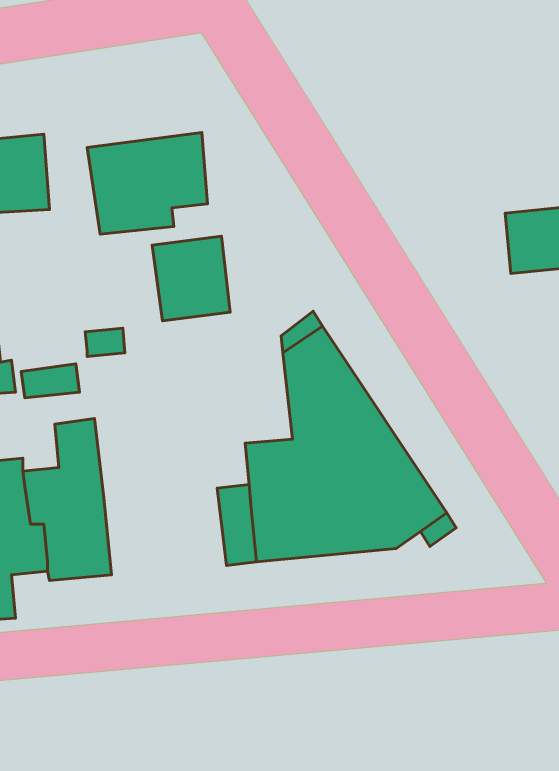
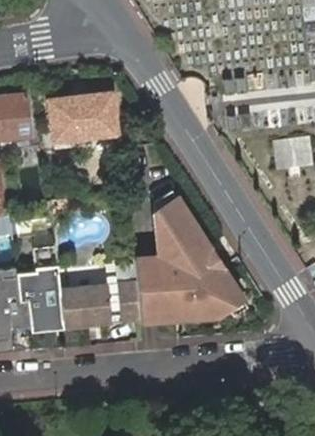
building: [152,236,230,321] -> none
building: none -> [59,284,113,329]

